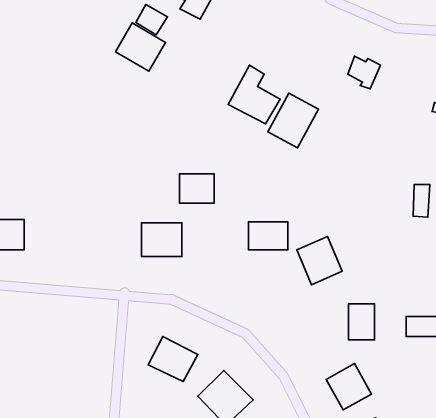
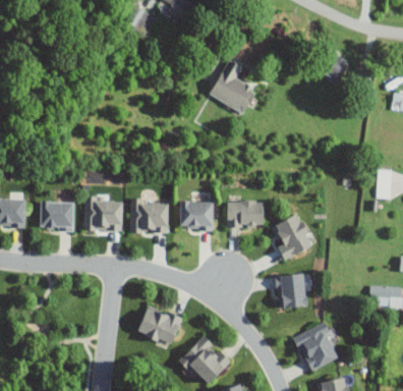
building: [115,23,166,71] -> none
building: [268,93,318,148] -> none
building: [179,174,214,203] -> [181,202,213,228]
building: none -> [84,199,123,229]
building: none -> [41,202,73,229]
building: [348,304,374,340] -> [282,274,305,306]

